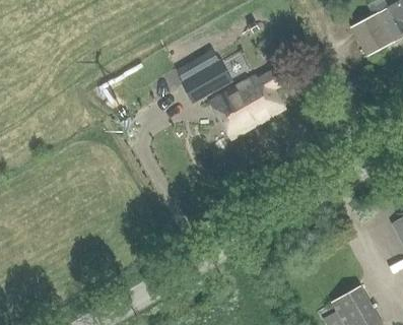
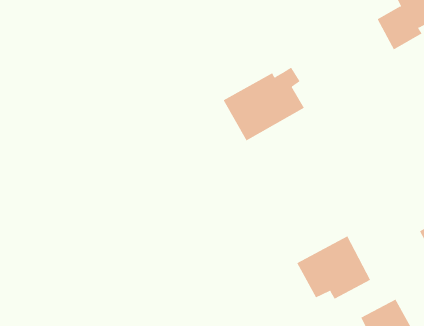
building: [179,58,231,104] -> none
building: none -> [297,236,371,299]

